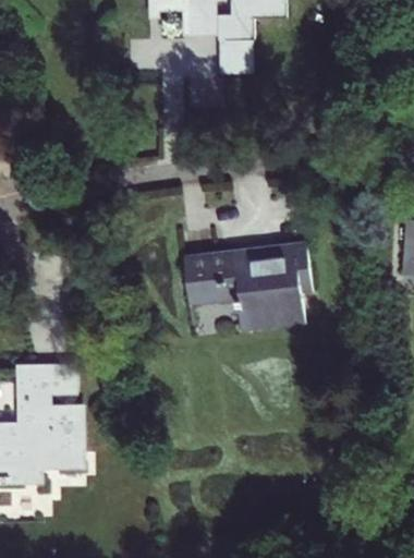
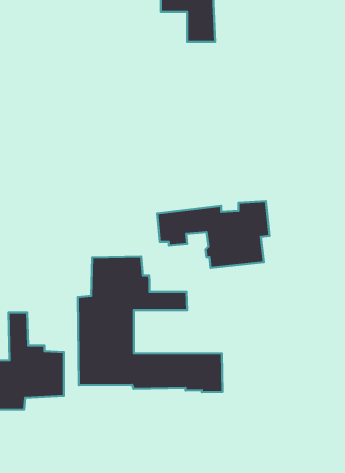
building: none -> [78,256,223,392]
building: [38,365,76,409] -> none

